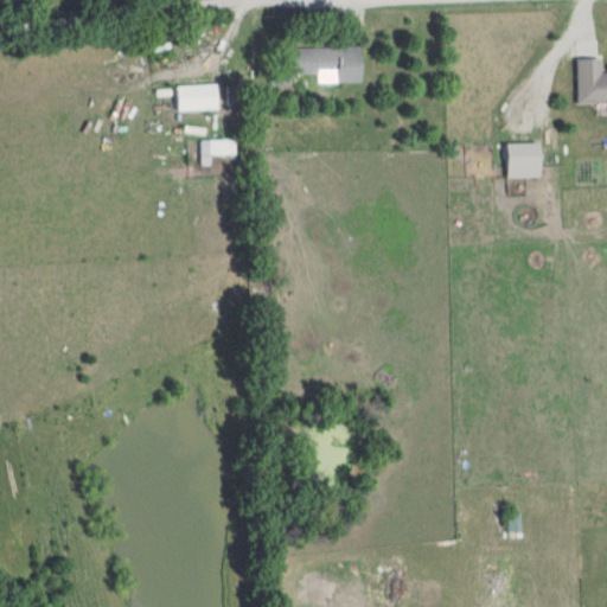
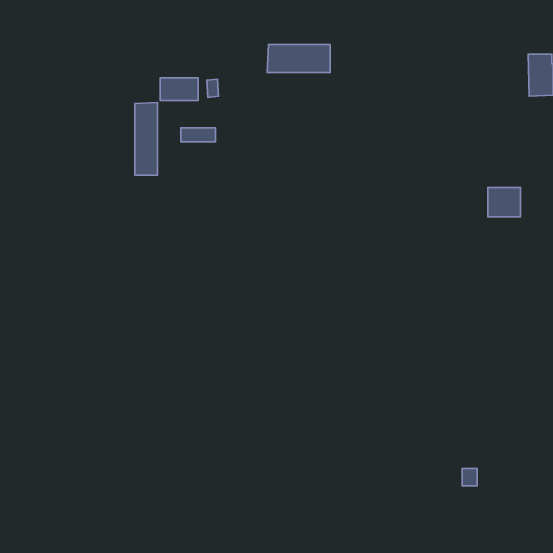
building: none -> [135,102,158,175]
building: [507,145,543,177] -> [488,187,520,217]

